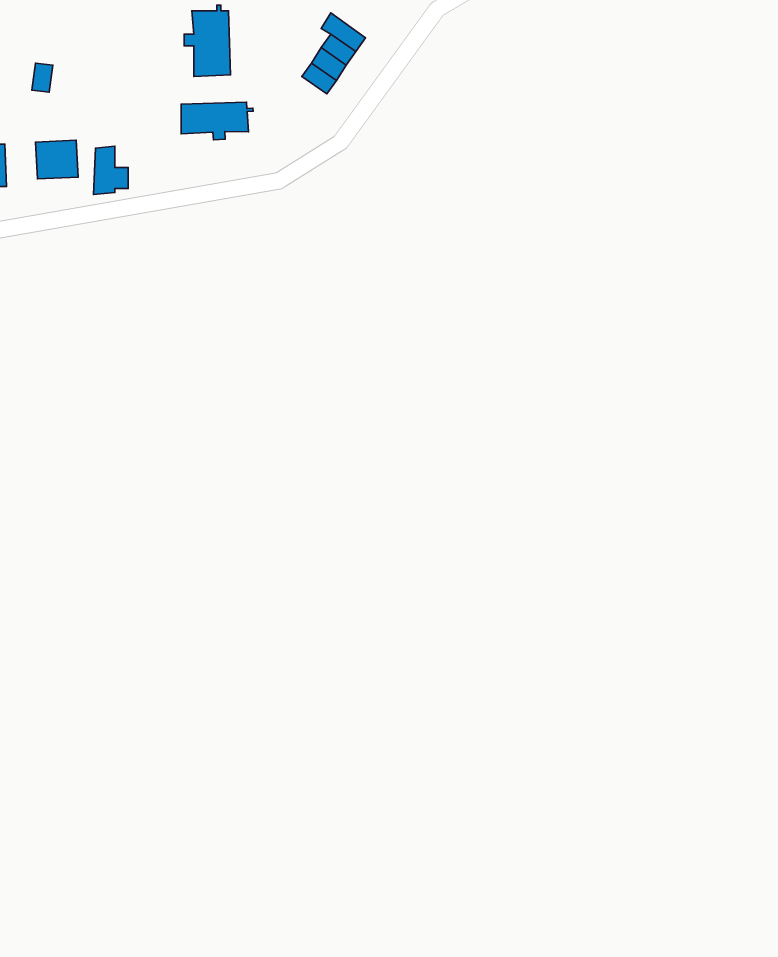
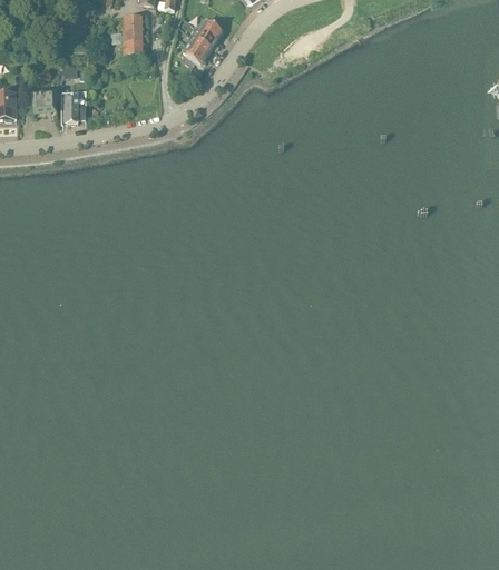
building: [181,102,253,140] -> none

